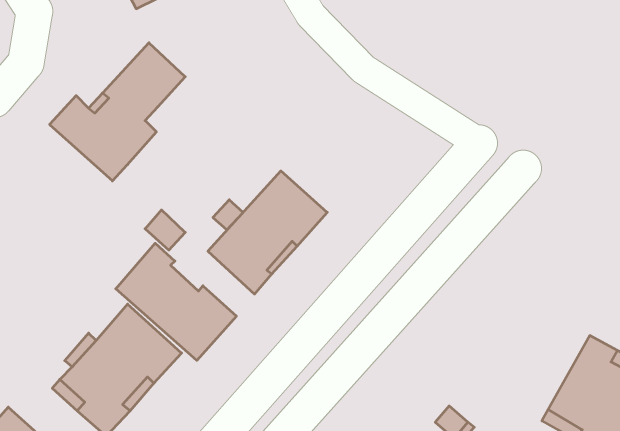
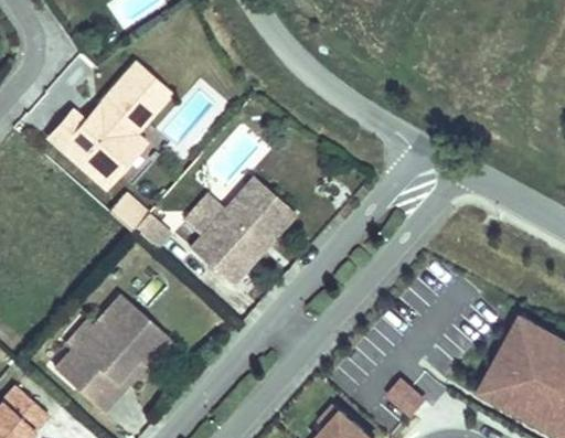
building: [116,243,236,360] -> none

